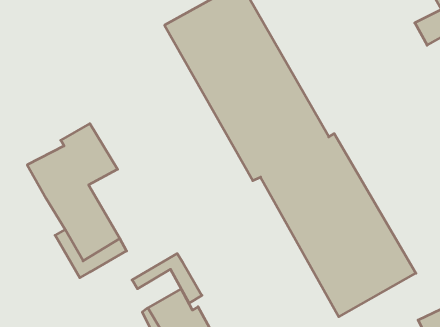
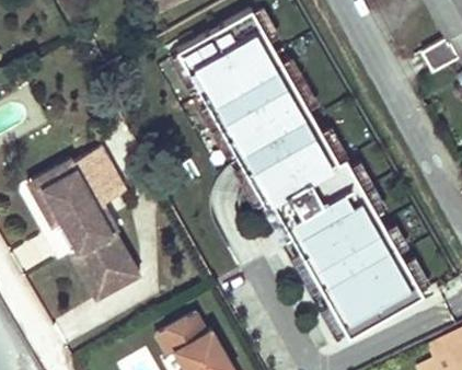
building: none -> [27,161,79,227]
building: [132,254,202,303] -> none

